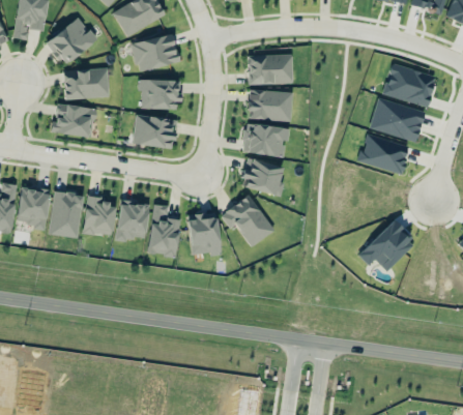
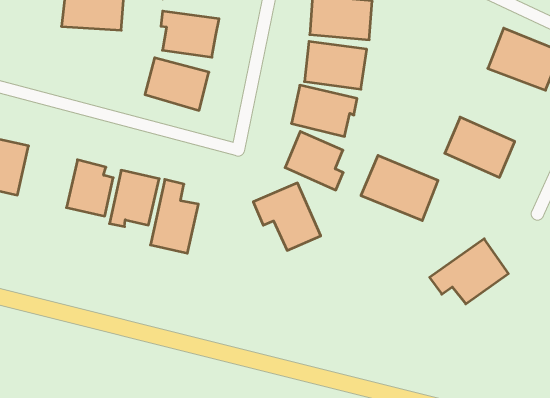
building: [369,98,425,143] -> [361,155,438,221]
building: [51,103,94,137] -> none
building: [49,191,83,238] -> none
building: [187,213,221,256] -> none

